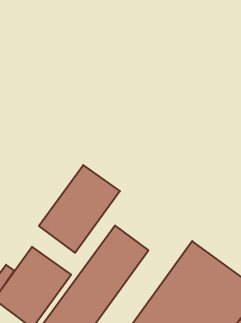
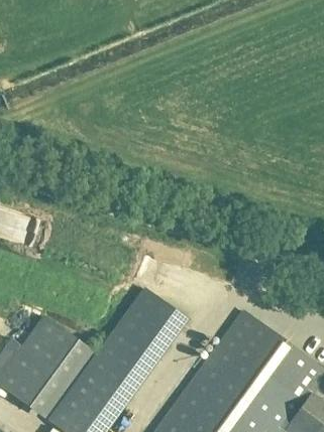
building: [39,165,120,253] -> none

